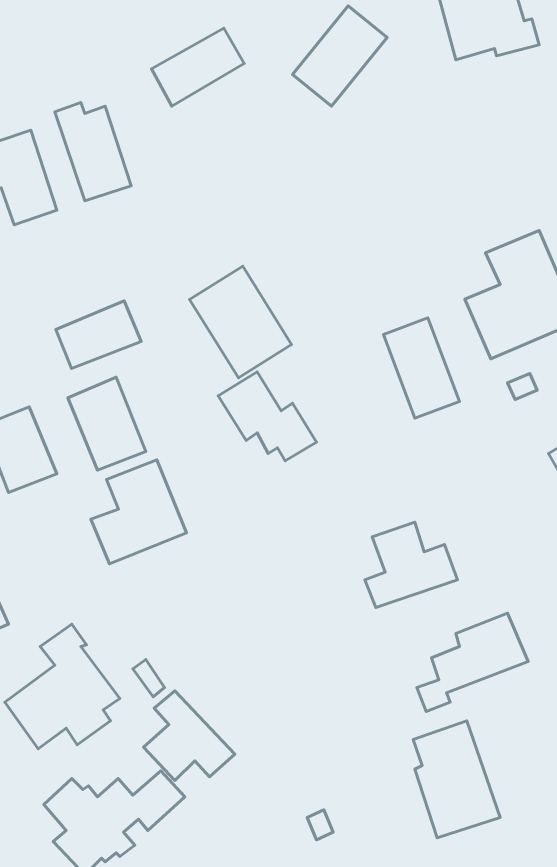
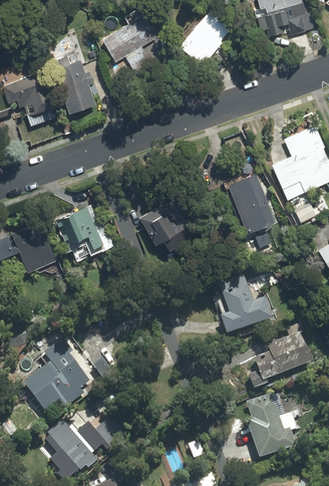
building: [190,266,292,378] -> none
building: [56,301,141,369] -> none
building: [91,460,186,564] -> none
building: [144,691,235,781] -> none

